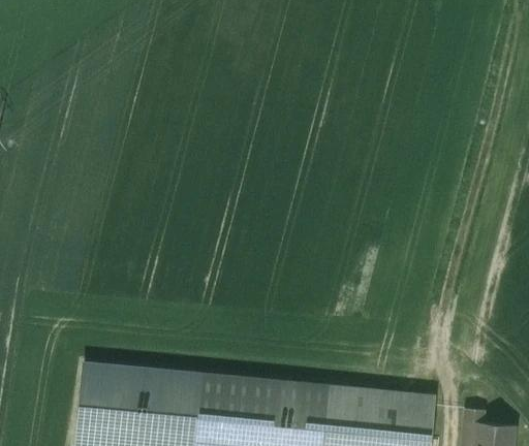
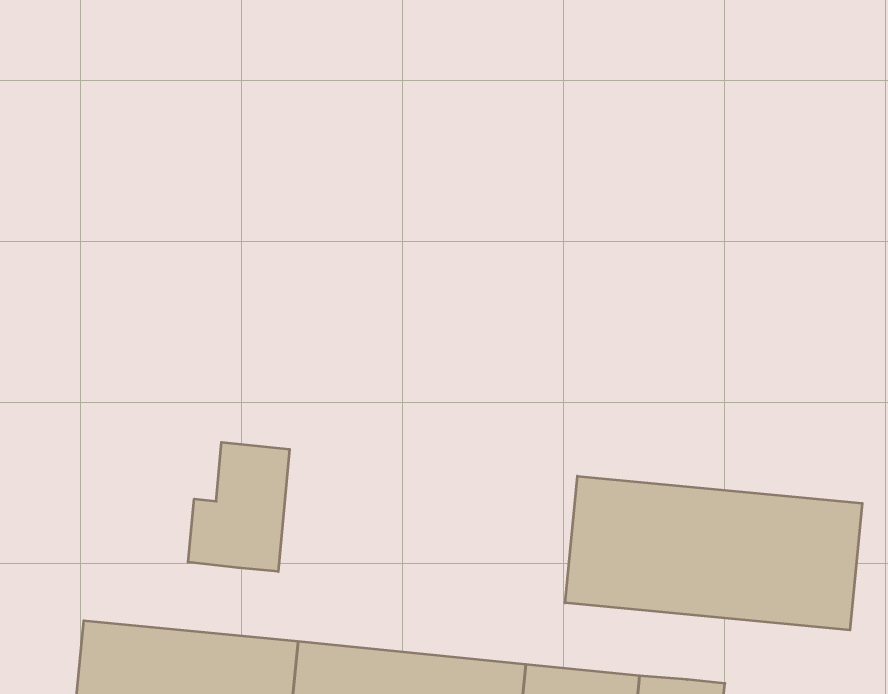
building: none -> [188,442,290,572]
building: none -> [565,476,862,630]

